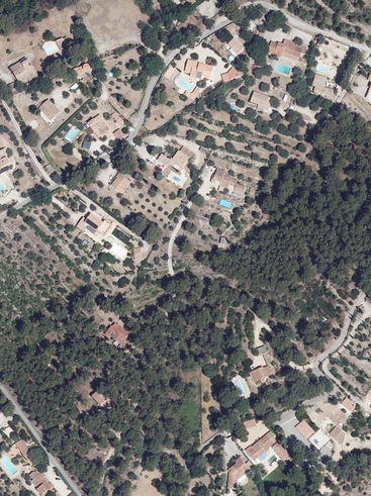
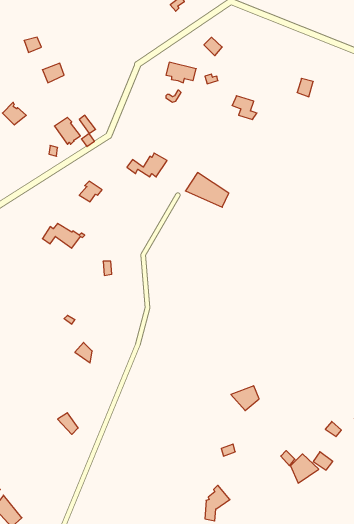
building: [265,39,304,61] -> none
building: [247,427,282,465] -> none

